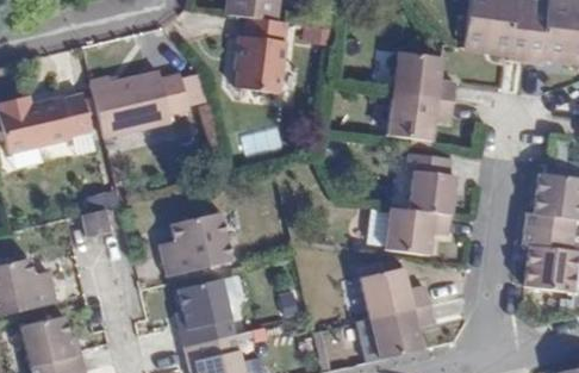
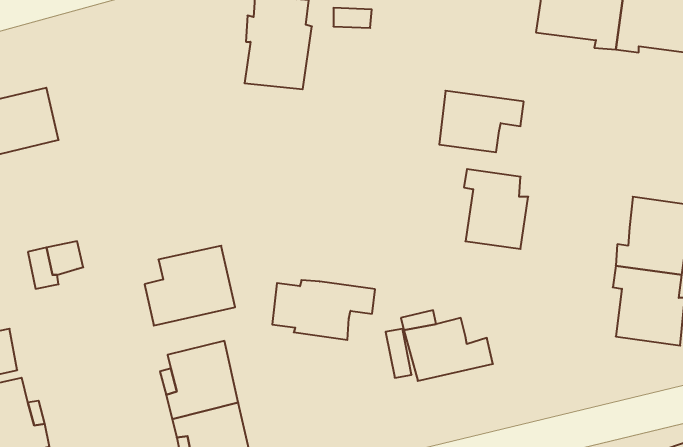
building: [392,54,456,100] -> none
building: [89,74,187,137] -> none
building: [371,207,450,254] -> [272,280,375,340]
building: [371,304,434,359] -> none

